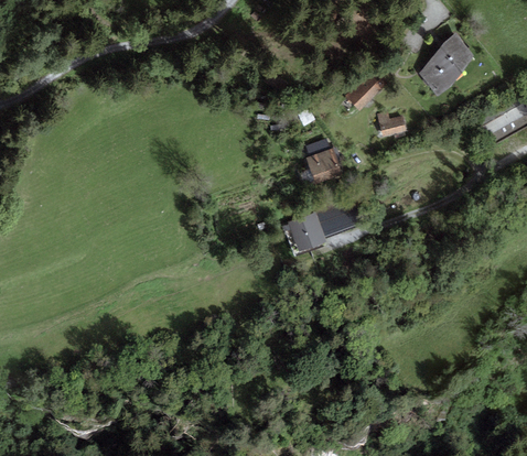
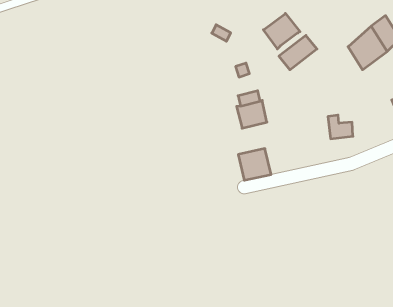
building: none -> [263,13,300,49]
building: [375,111,406,139] -> [328,115,353,139]
building: [287,213,327,254] -> none

